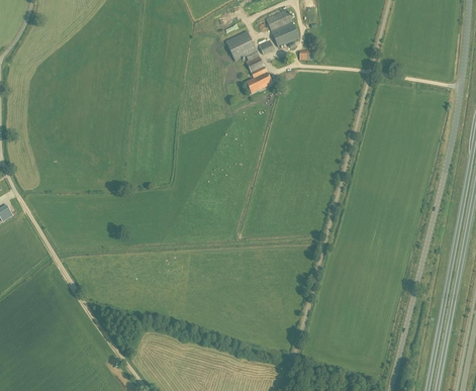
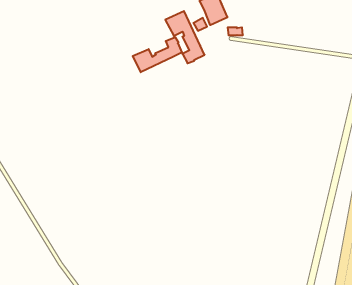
building: none -> [133,37,182,72]

